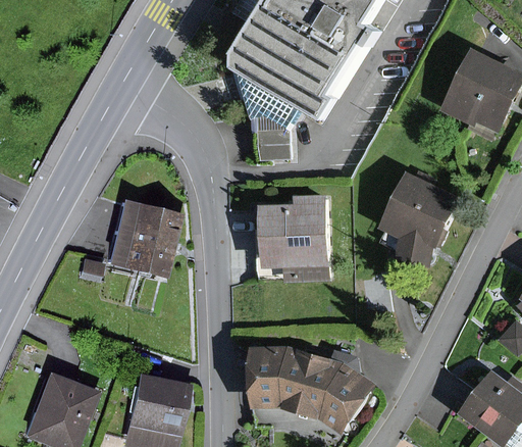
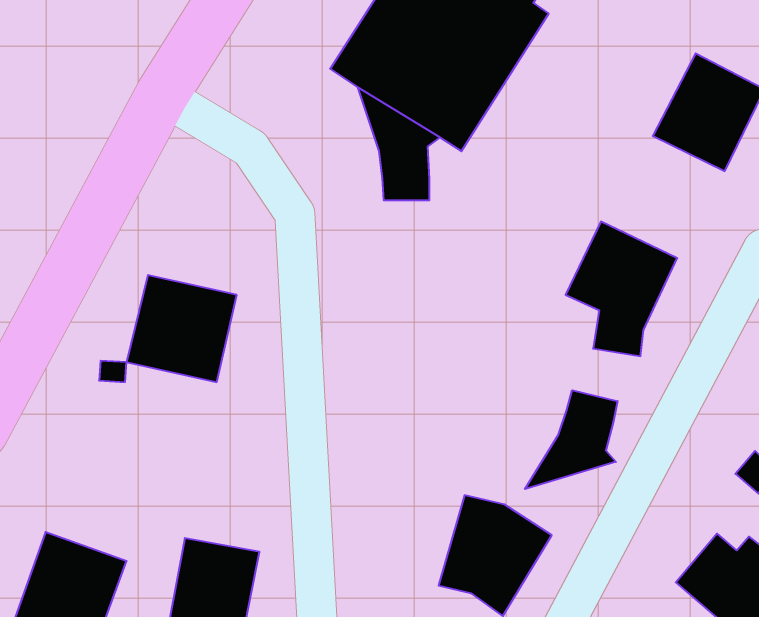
building: [255,199,329,276] -> none
building: none -> [525,390,618,489]
building: [254,342,318,411] -> none

